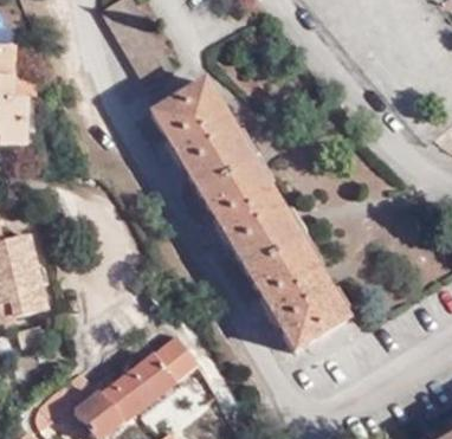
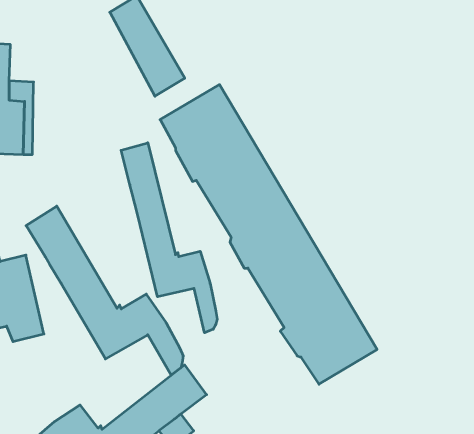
building: none -> [121,143,217,333]
building: none -> [26,206,183,375]

